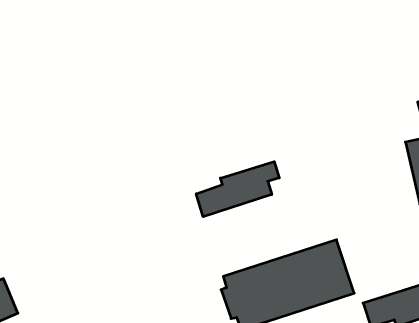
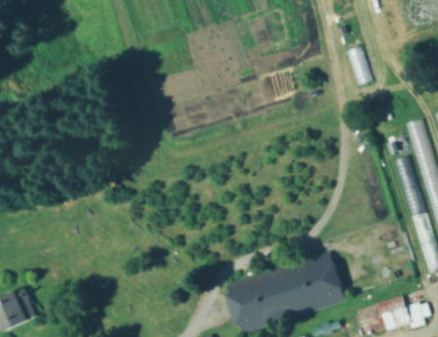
building: none -> [346,45,373,87]
building: [196,162,279,217] -> none

